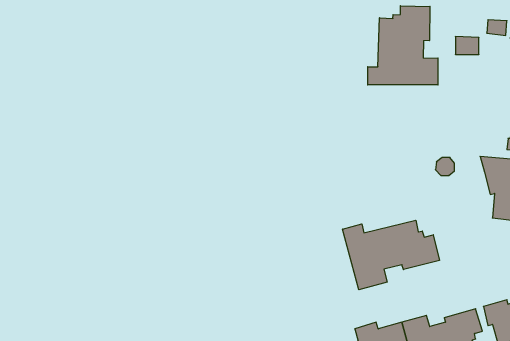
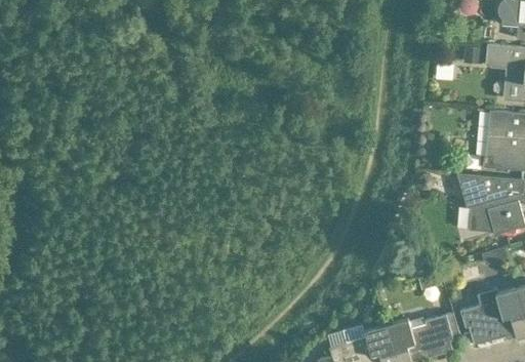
building: [368,6,438,85] -> none
building: [343,220,439,290] -> none

